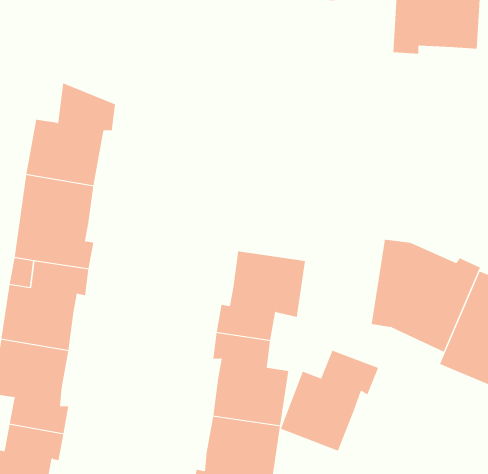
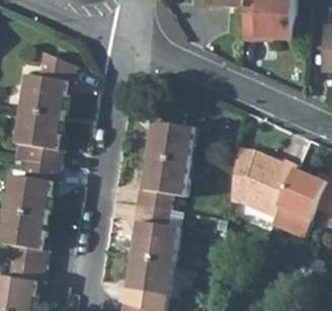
building: none -> [148,101,195,163]
building: [280,350,379,451] -> none

